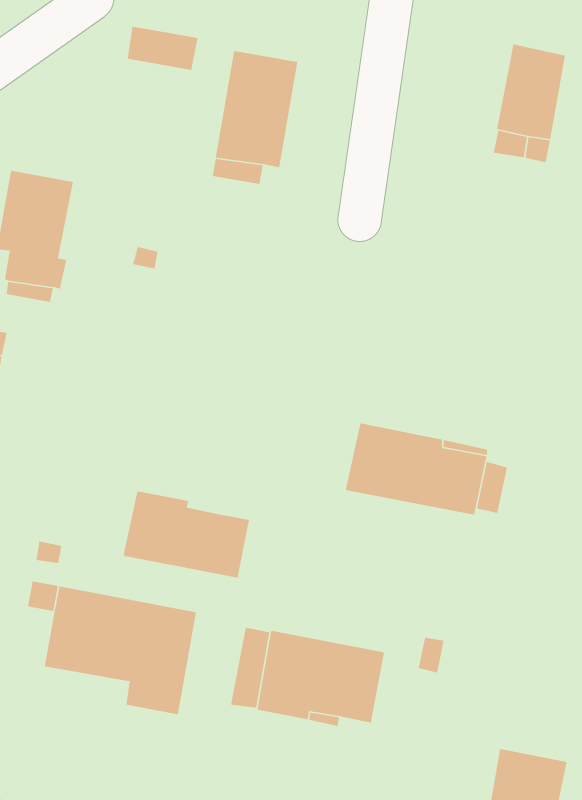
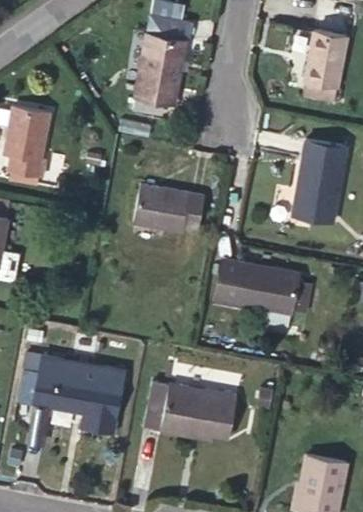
building: [127,26,198,71] -> [146,13,189,40]
building: none -> [292,139,345,223]
building: none -> [132,183,205,232]
building: [123,490,250,579] -> none

